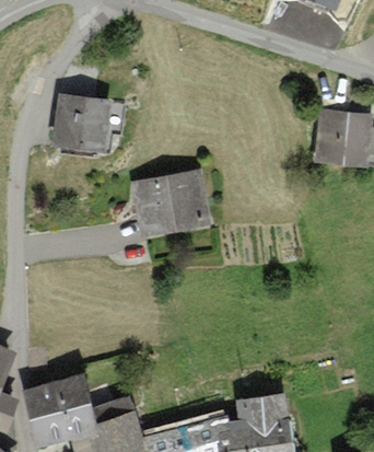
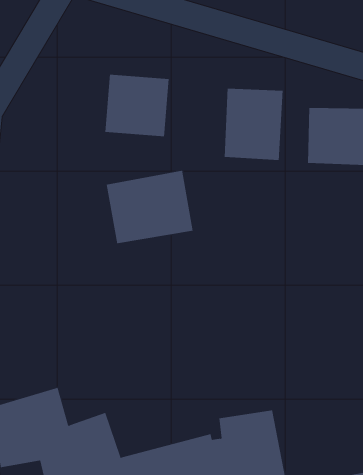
building: [55,93,115,151] -> [104,74,170,137]
building: none -> [224,88,283,161]

